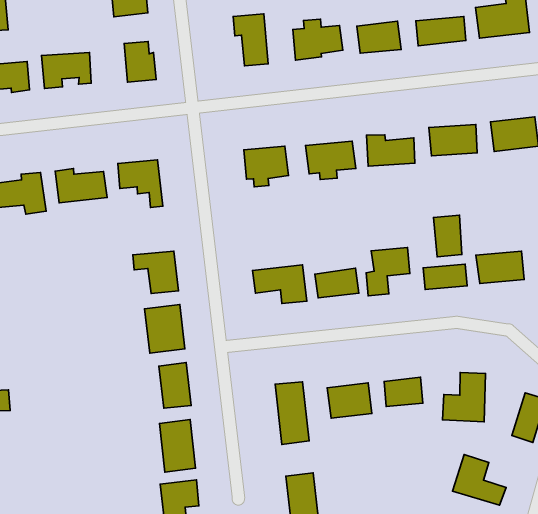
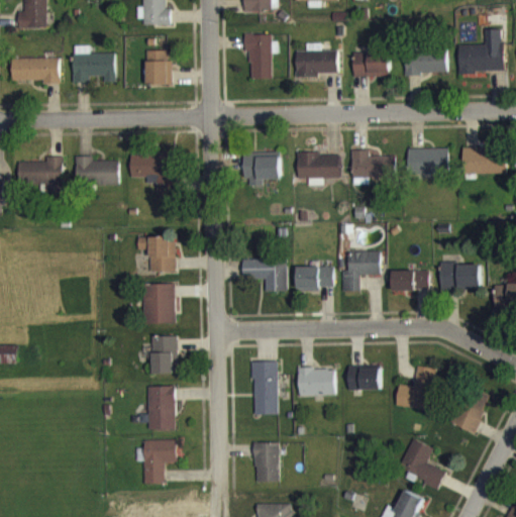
building: [434,215,462,257] -> none

